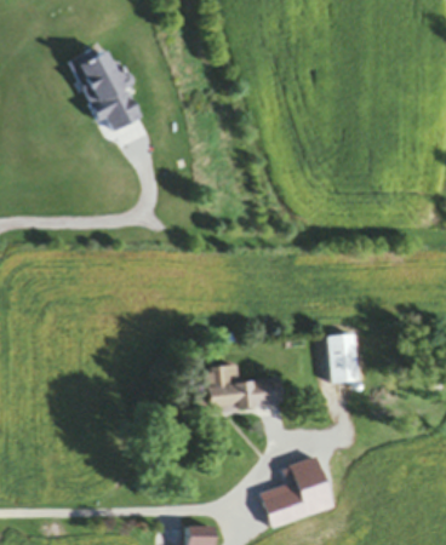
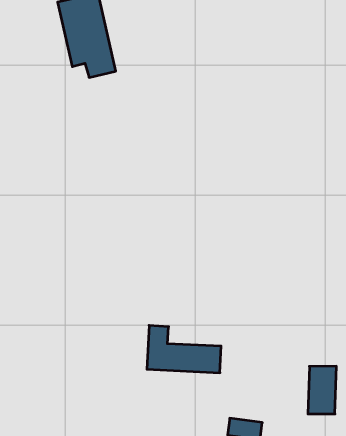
building: [326,334,358,385] -> [308,366,336,414]

